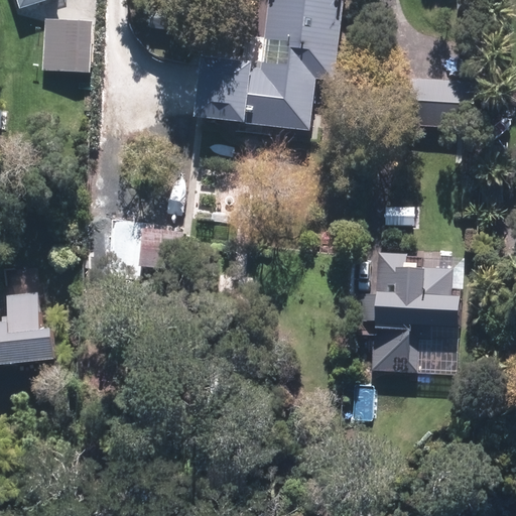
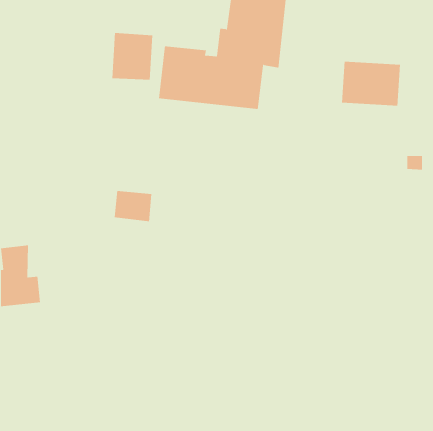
building: [40,15,90,72] -> [112,32,153,80]
building: [362,248,467,369] -> none

